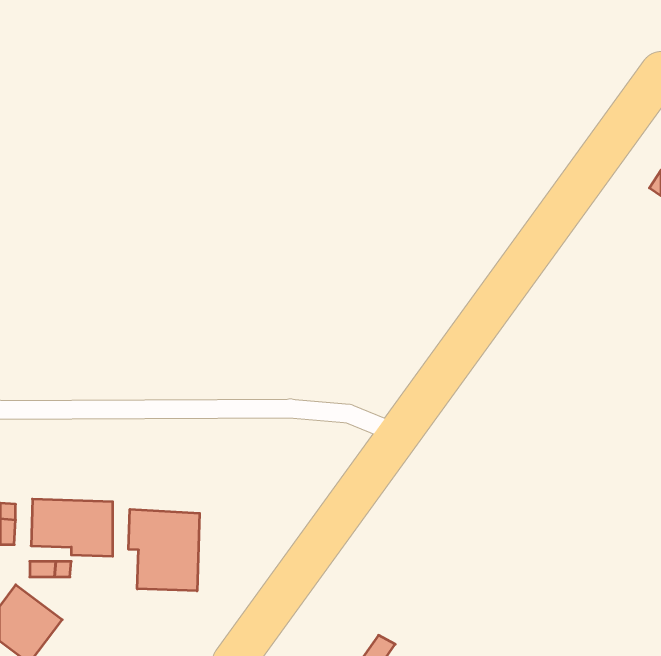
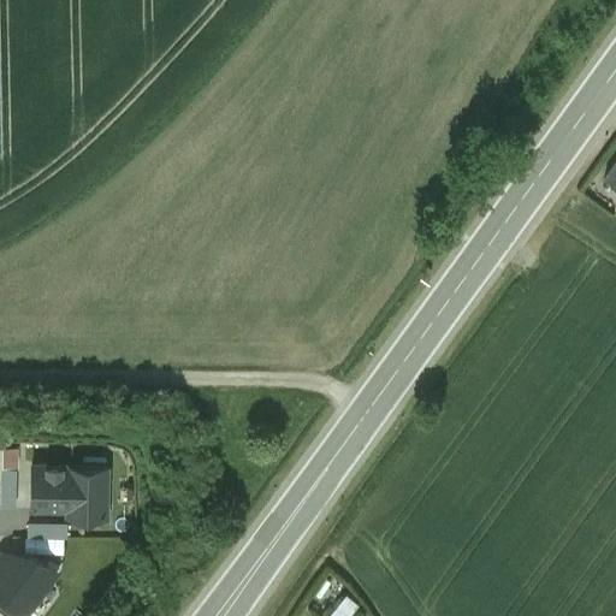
building: [129,509,200,591] -> none

